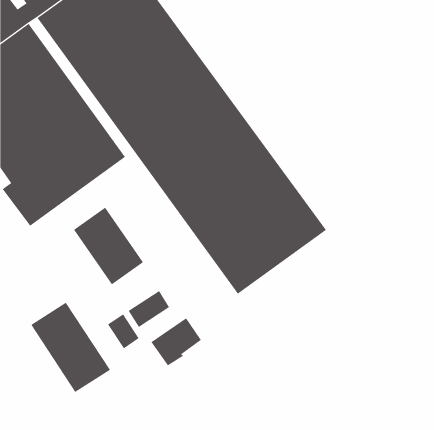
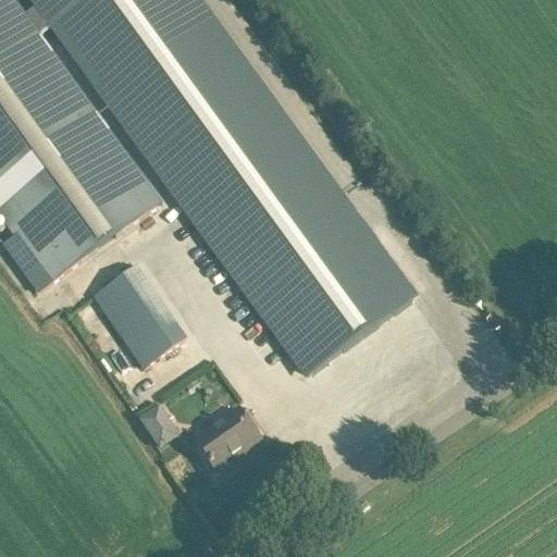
building: [128,290,170,328] -> none
building: [30,302,111,393] -> none

